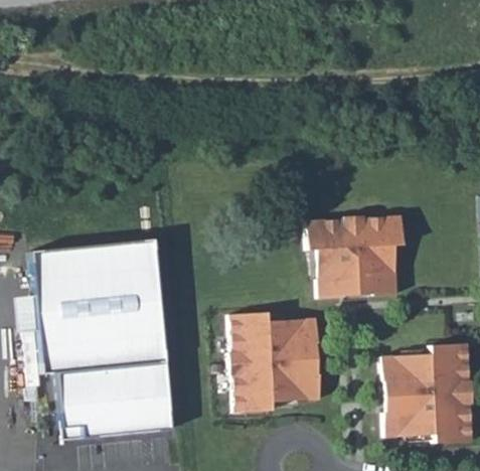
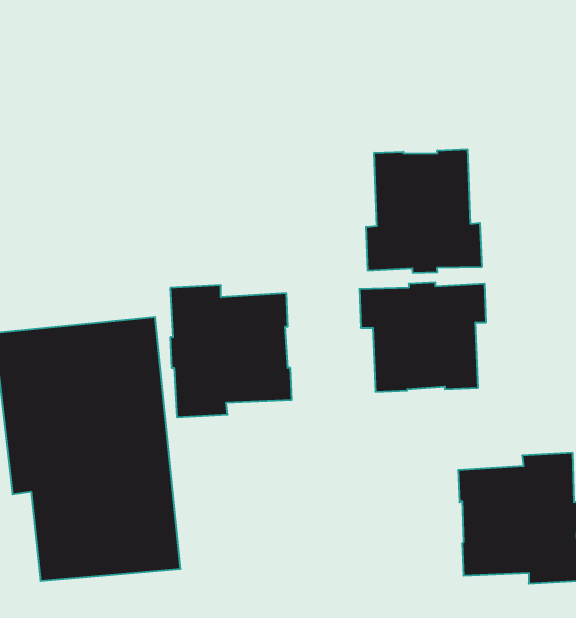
building: none -> [366,149,482,273]
building: [230,311,322,411] -> [170,285,292,417]

